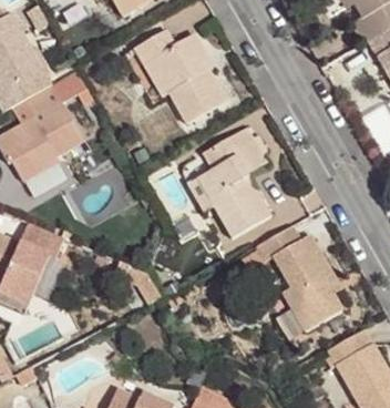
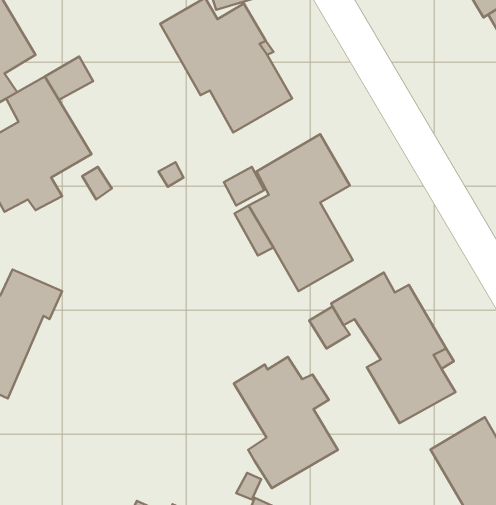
building: none -> [234,357,338,488]

